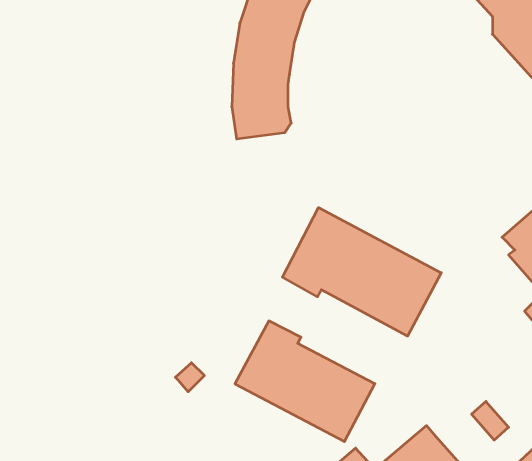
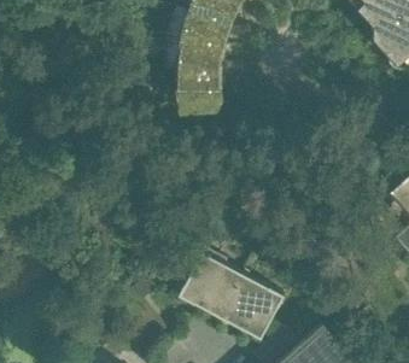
building: [282,208,441,336] -> none

